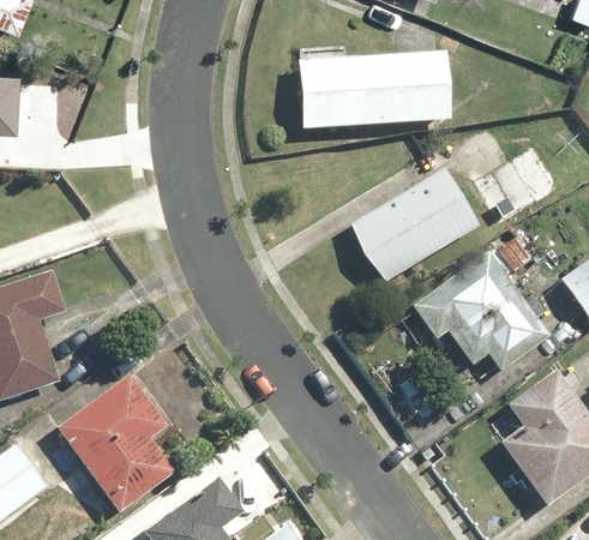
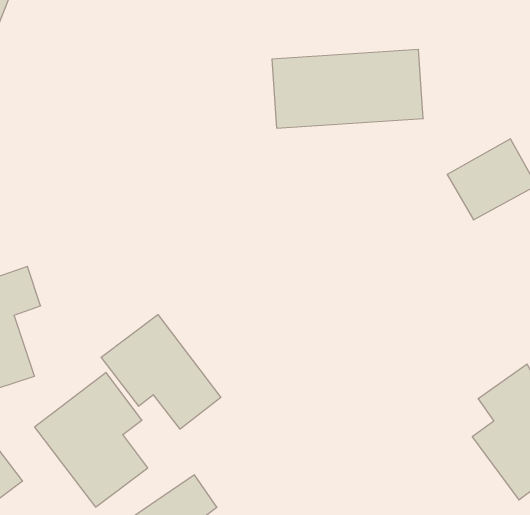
building: [353,168,477,280] -> none
building: [411,230,549,370] -> none
building: none -> [101,315,221,429]

